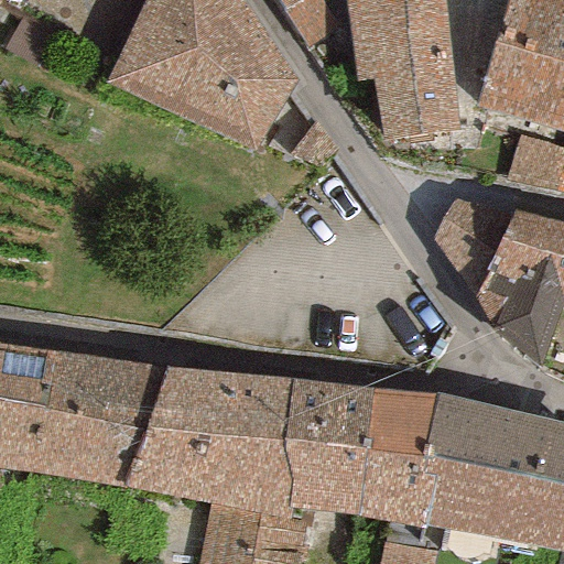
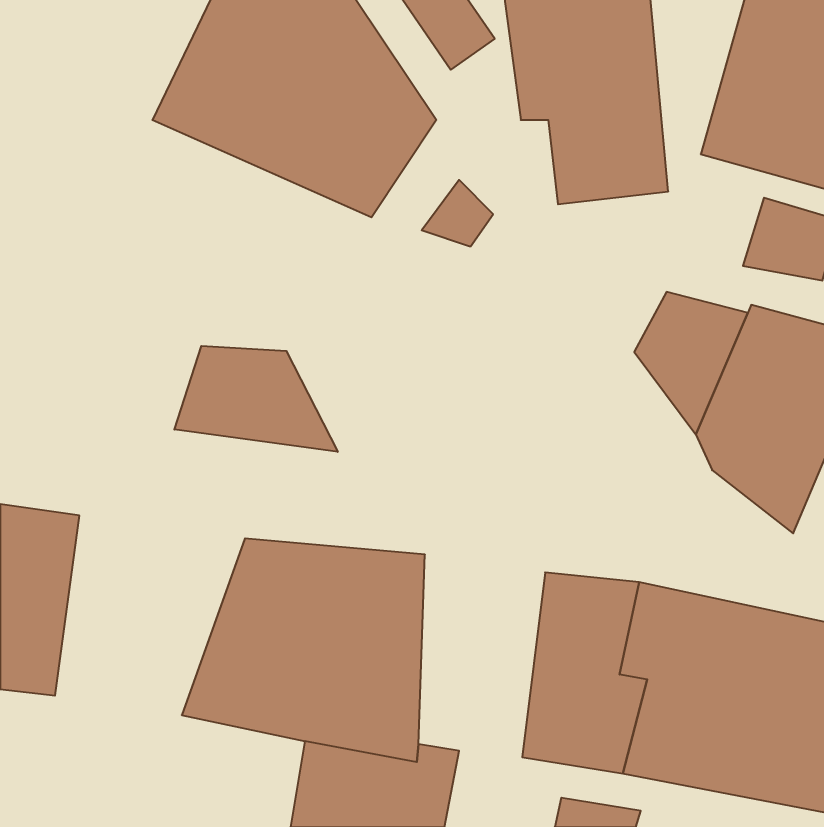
building: none -> [174,346,338,452]
building: [41,350,170,486] -> none
building: [288,377,373,514] -> none

